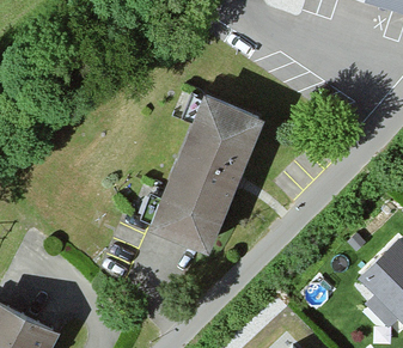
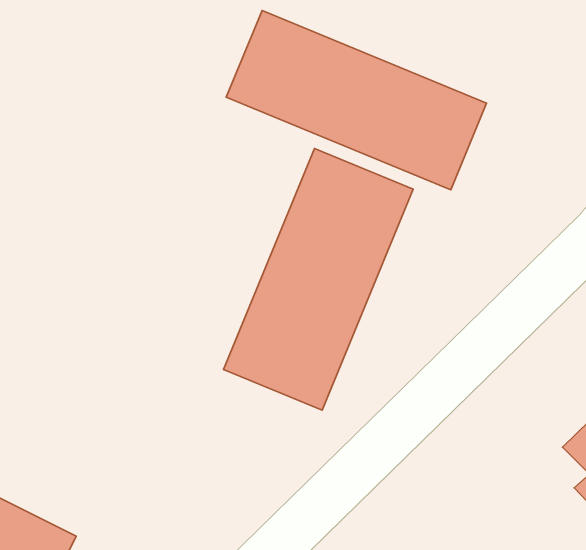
building: none -> [226,11,487,190]

